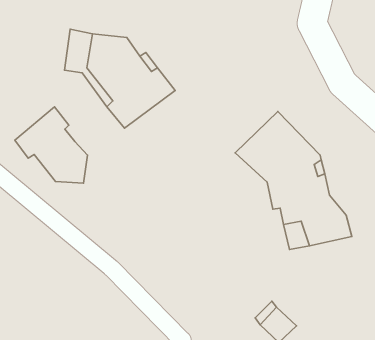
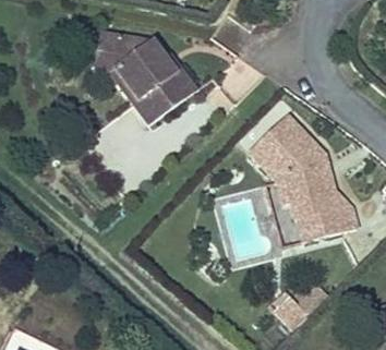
building: [15,107,87,183] -> none

